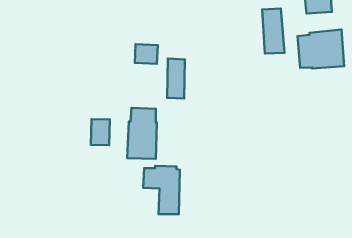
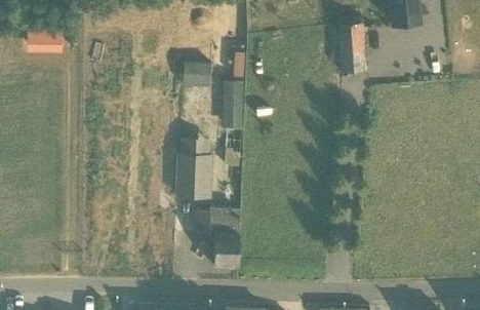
building: [298,29,344,68] -> none
building: [91,119,110,145] -> none

